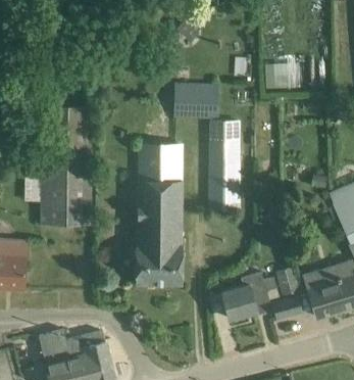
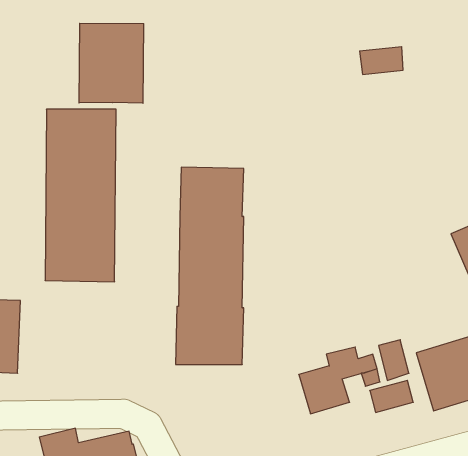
building: none -> [79,23,144,103]
building: [176,83,241,210] -> none

